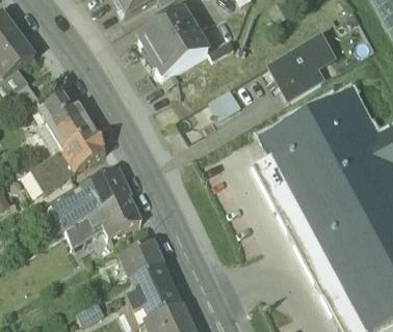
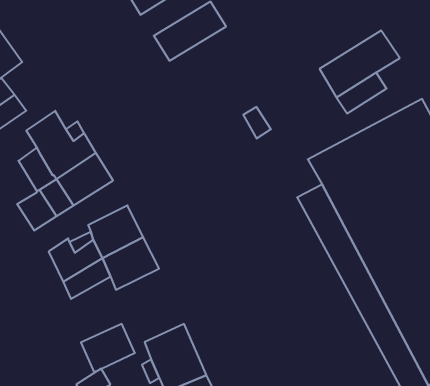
building: [151,30,208,78] -> none
building: [120,242,162,280] -> [81,324,135,373]

